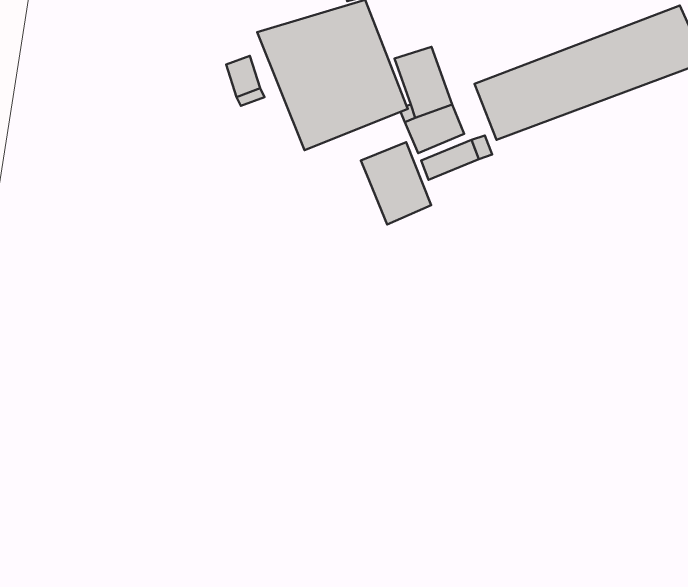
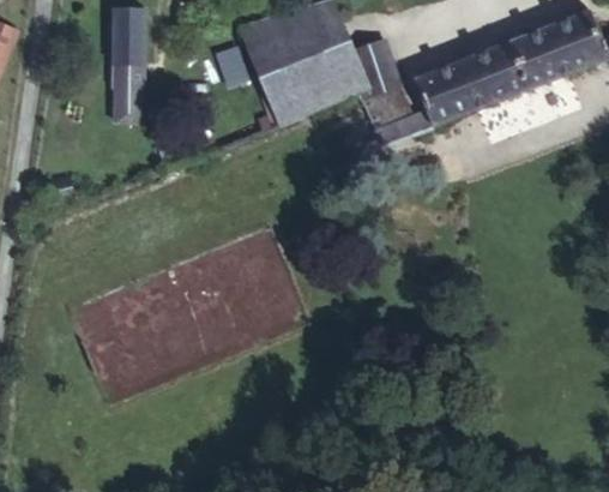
building: none -> [114,12,144,128]
building: [361,142,431,225] -> none

